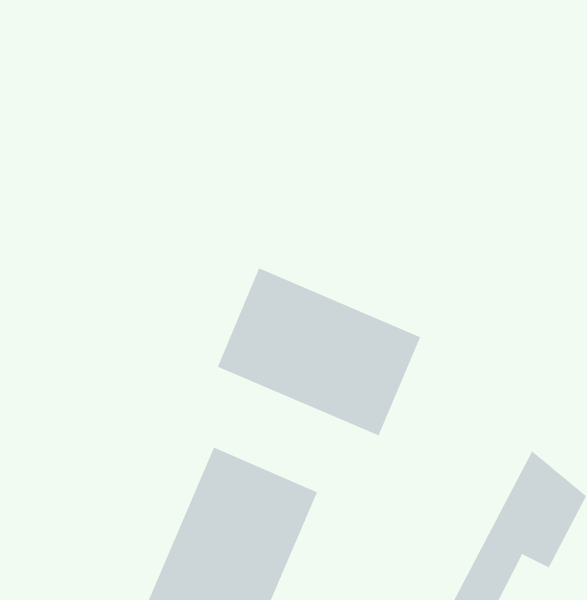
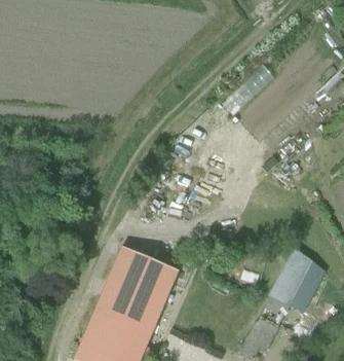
building: [217,268,421,436] -> none

